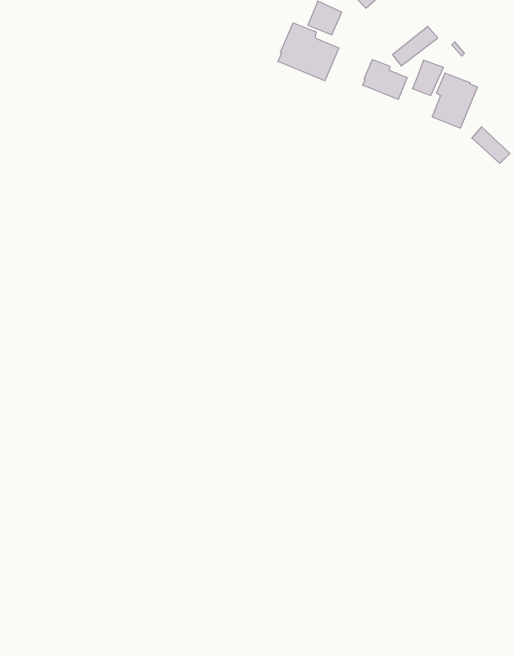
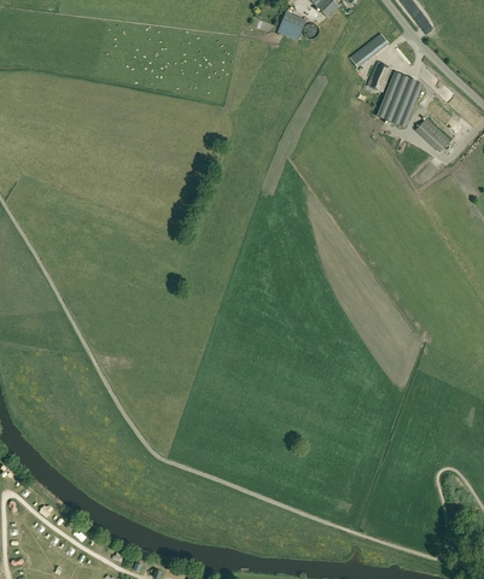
building: [278,23,339,81] -> none
building: [363,60,407,99] -> none

